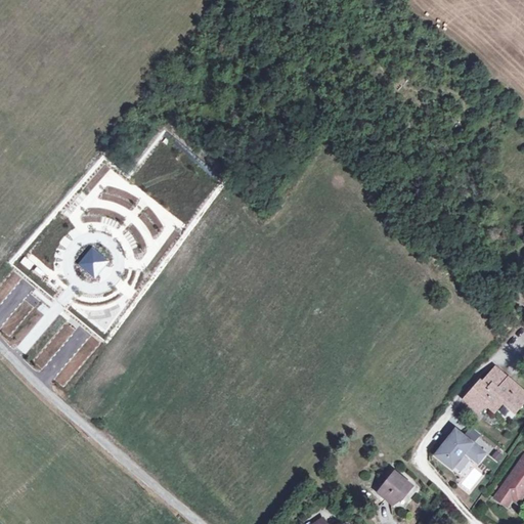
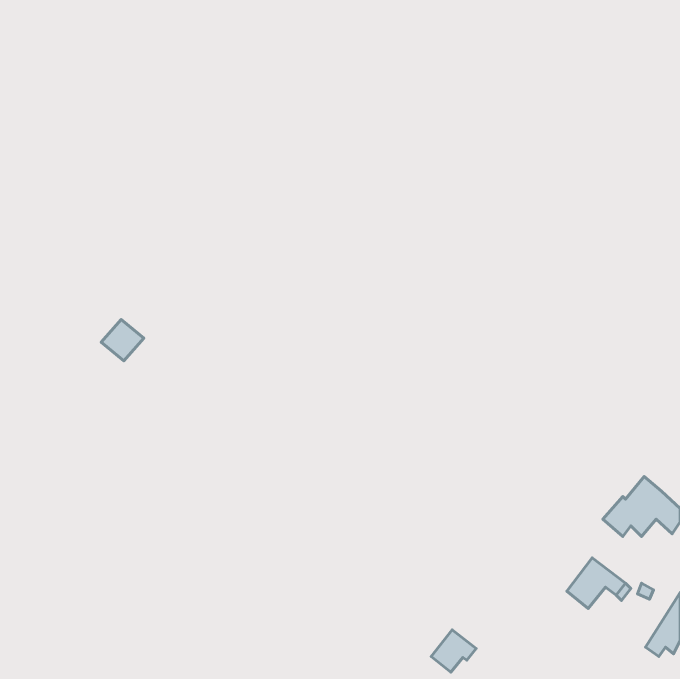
building: [378,471,412,504] -> [431,630,476,672]

